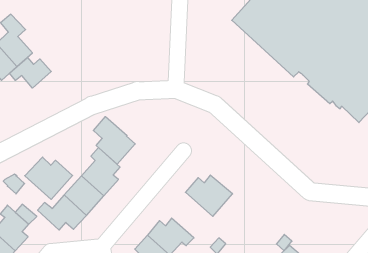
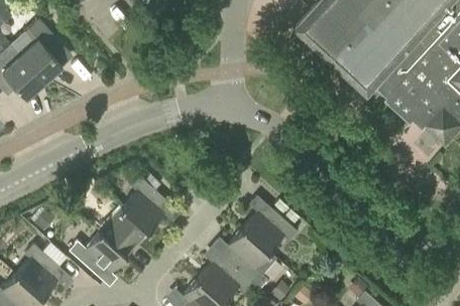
building: [9,57,51,88] -> none
building: [93,117,135,164] -> none
building: [25,157,73,199] -> none
building: none -> [226,230,276,290]

